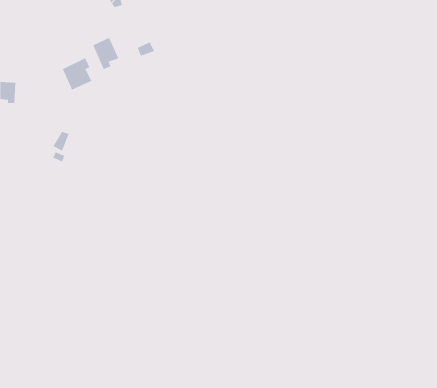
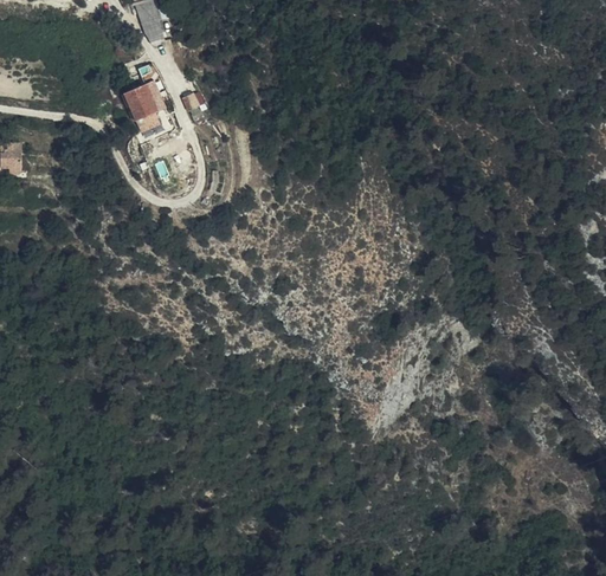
building: [62,57,92,91] -> none

